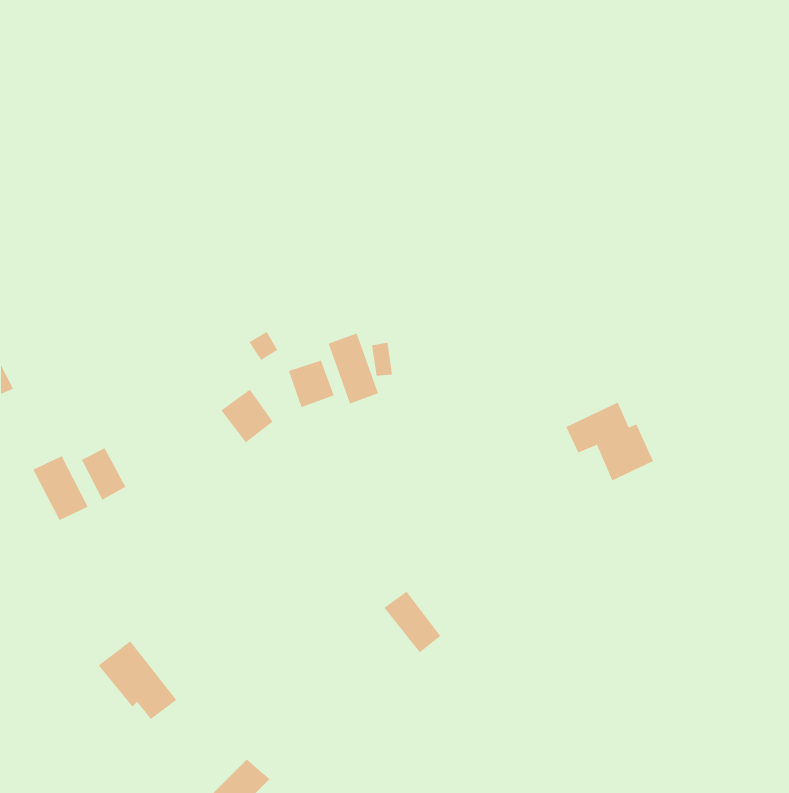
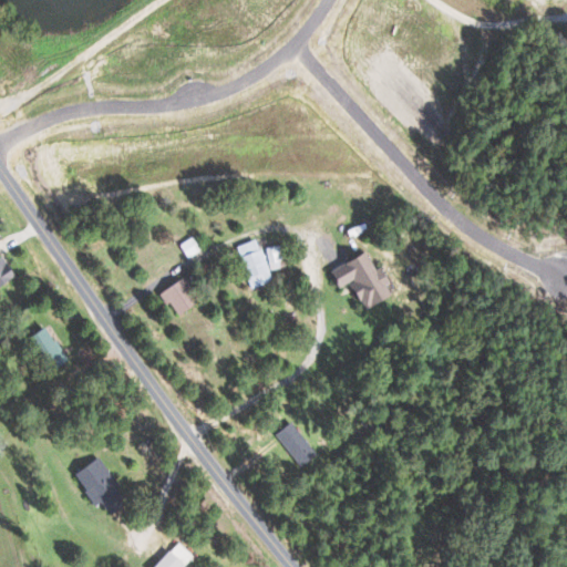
building: [288,360,335,408] -> none
building: [565,402,654,481] -> [329,251,392,308]
building: [81,448,126,501] -> none

